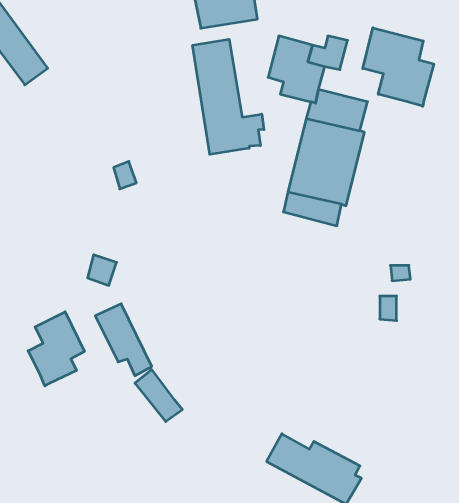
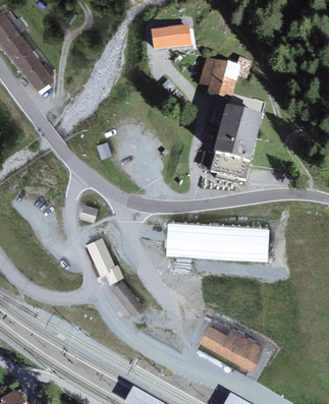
building: [363,28,434,106] -> none
building: [193,39,264,154] -> none
building: none -> [165,223,269,262]
building: [28,312,84,386] -> none

